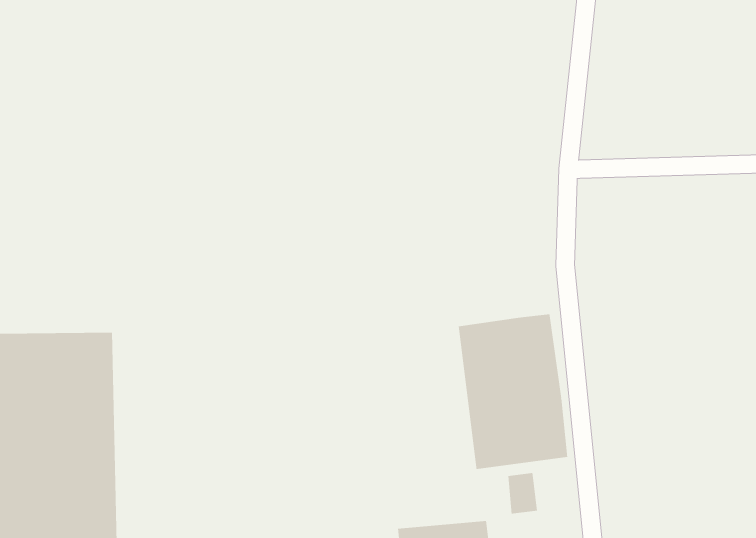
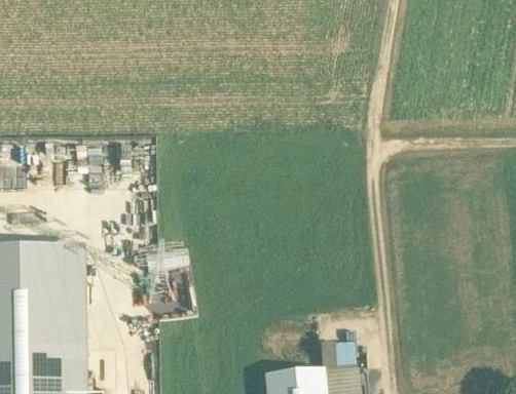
building: [458,314,568,470] -> none

